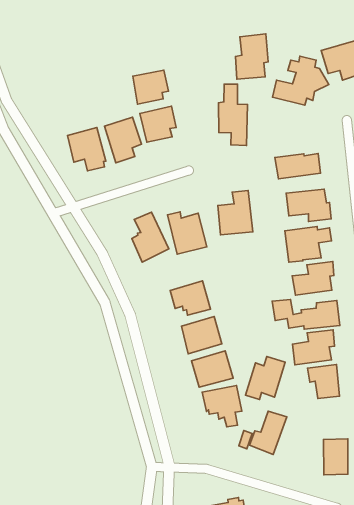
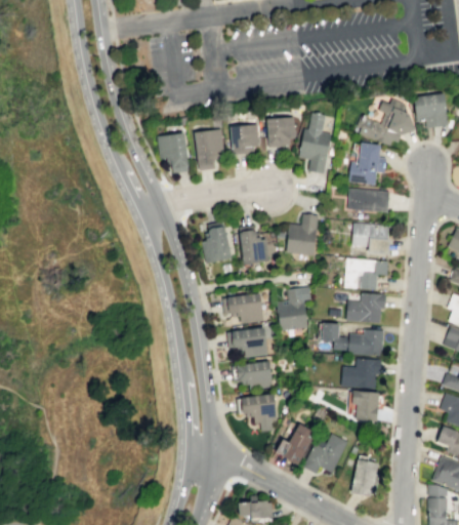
building: [235,34,268,79] -> [350,144,384,185]
building: [133,70,168,104] -> [267,118,298,146]
building: none -> [279,287,310,329]
building: [246,356,285,400] -> [306,434,348,473]

